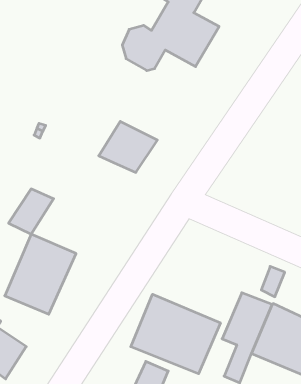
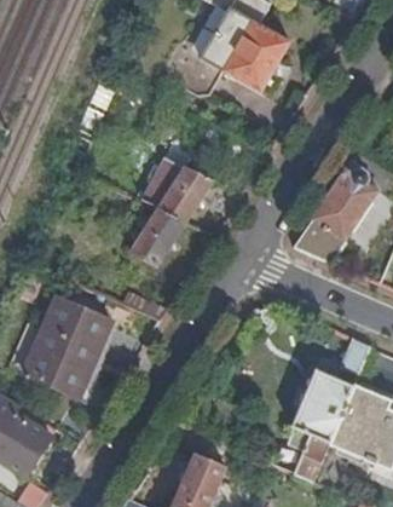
building: none -> [294,168,370,260]
building: [9,189,54,234] -> [129,208,185,264]
building: [131,294,220,374] -> none

